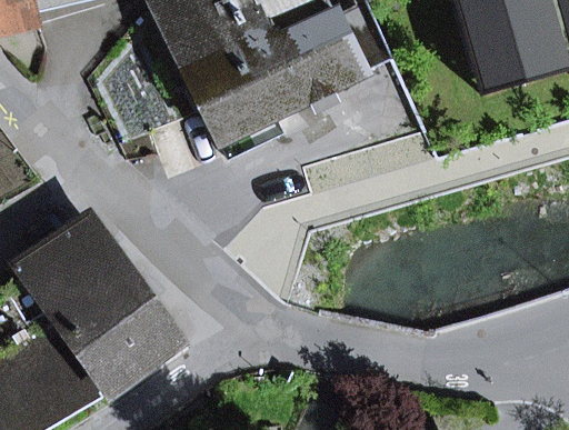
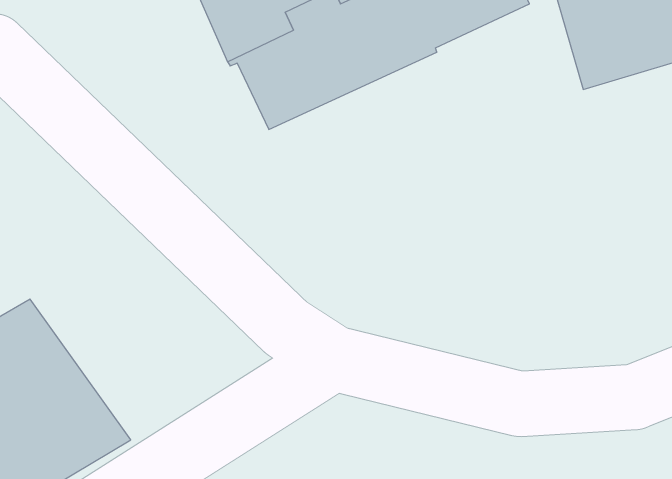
building: [19,216,183,391] -> none

